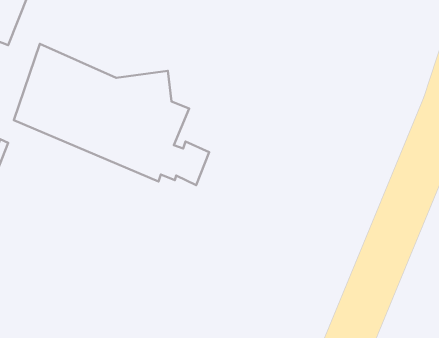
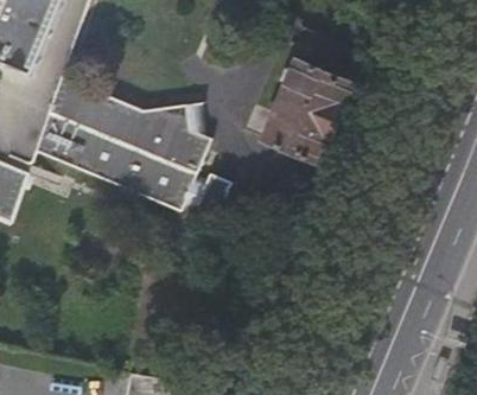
building: none -> [260,59,352,164]

